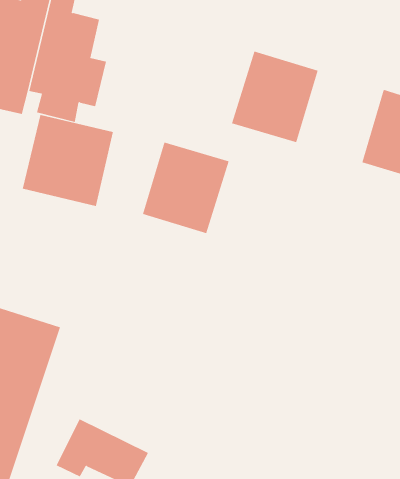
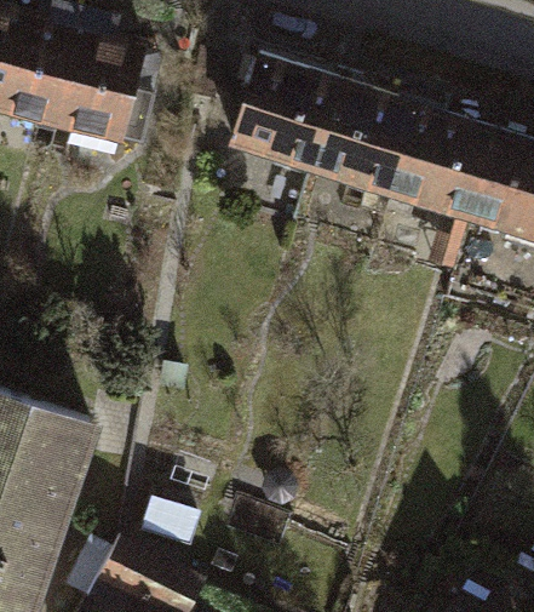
building: none -> [392,104,499,218]
building: [22,114,113,207] -> none
building: [142,142,229,234] -> [231,56,339,170]

